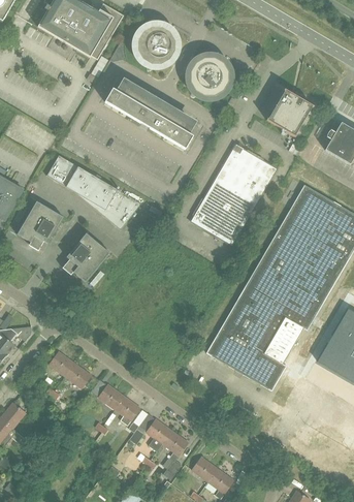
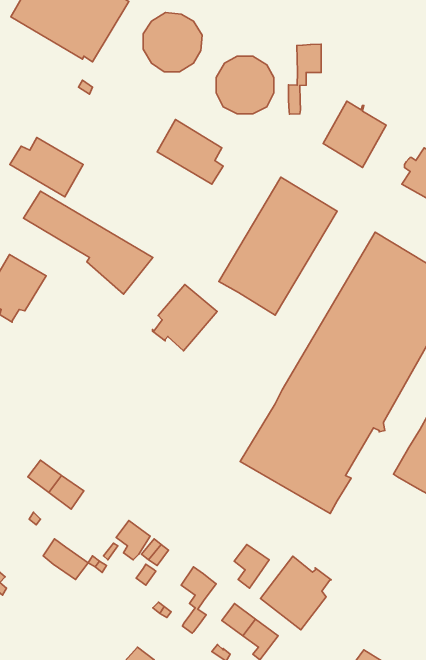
building: none -> [288,44,321,114]
building: [104,82,158,125] -> [10,138,83,197]
building: [62,232,109,281] -> [152,285,217,351]
building: [91,378,124,408] -> [43,539,88,580]
building: [146,418,171,450] -> [234,544,269,588]
building: none -> [261,556,331,630]

